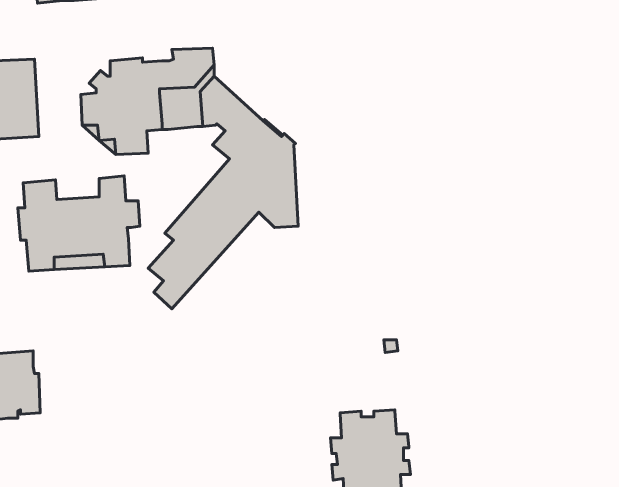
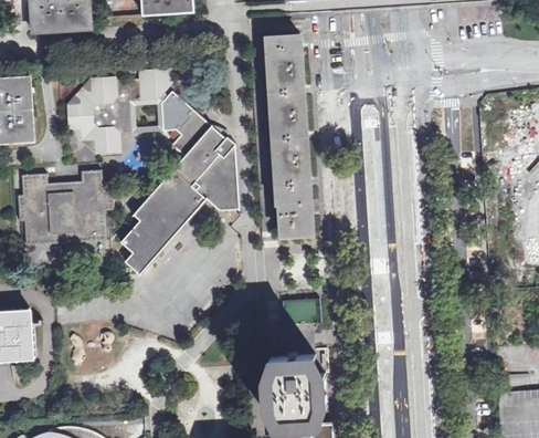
building: none -> [265,35,311,237]

